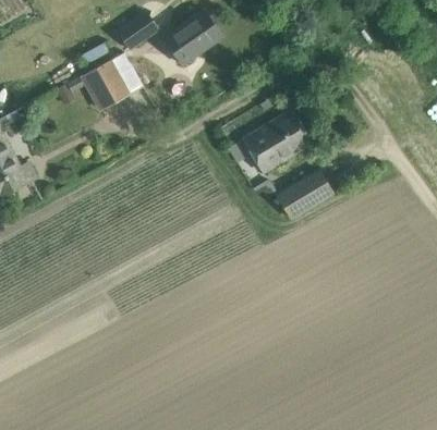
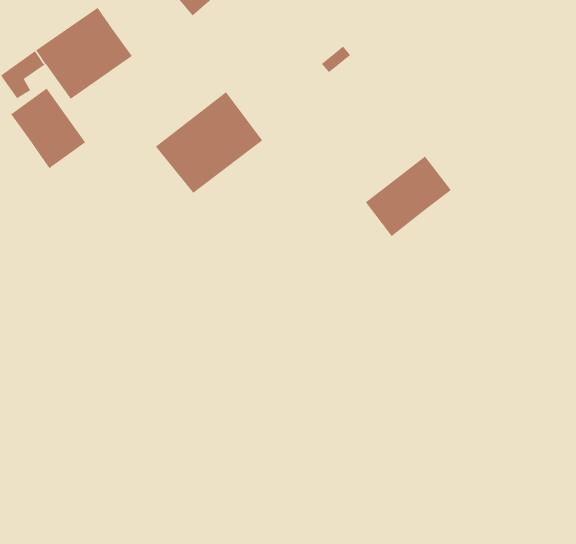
building: none -> [10,88,86,169]
building: [242,111,311,173] -> [155,91,263,194]

